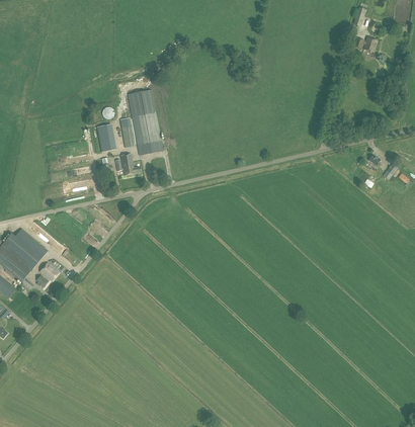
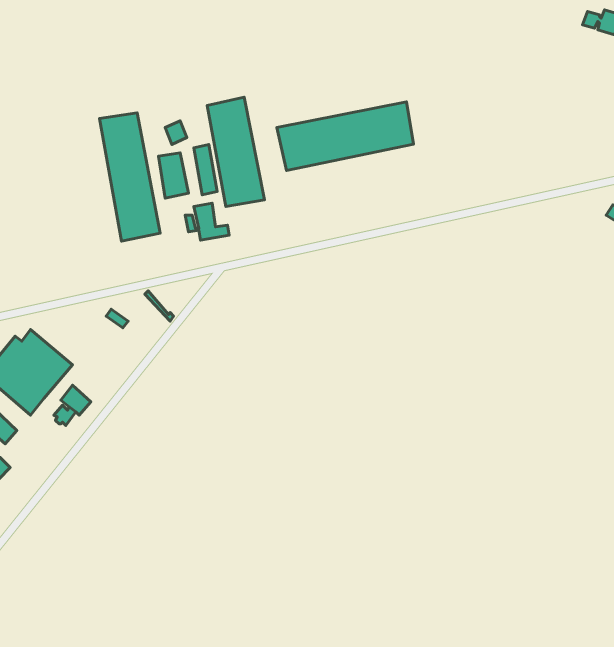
building: none -> [277,102,413,171]
building: none -> [99,113,160,241]

